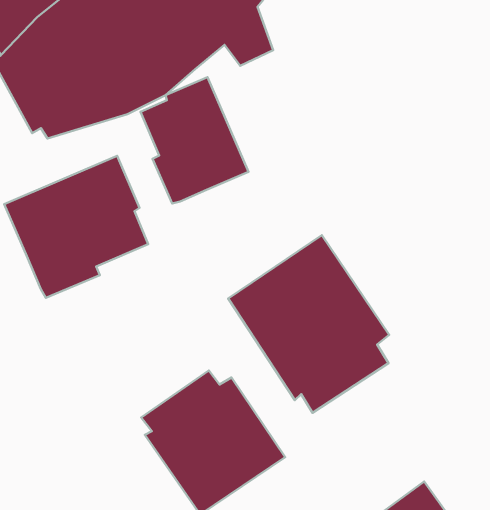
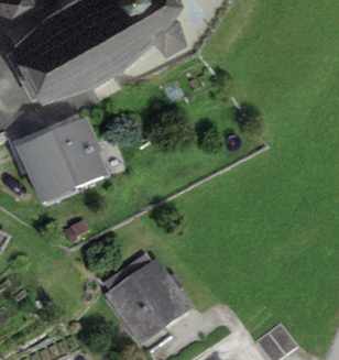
building: [140,77,248,204] -> none
building: [228,235,389,413] -> none

